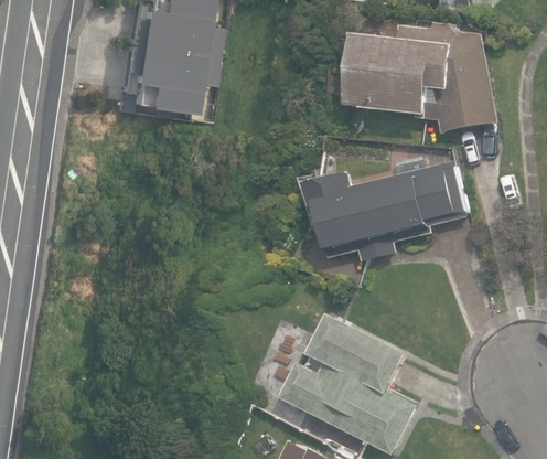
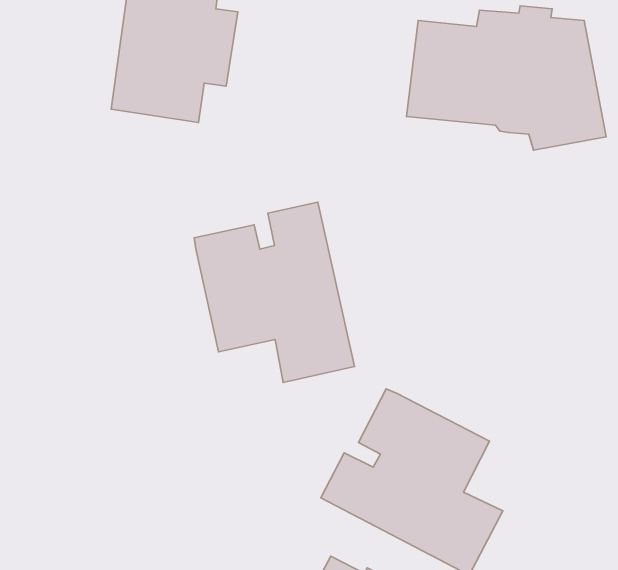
building: [300,160,464,261] -> none
building: none -> [194,202,355,383]

